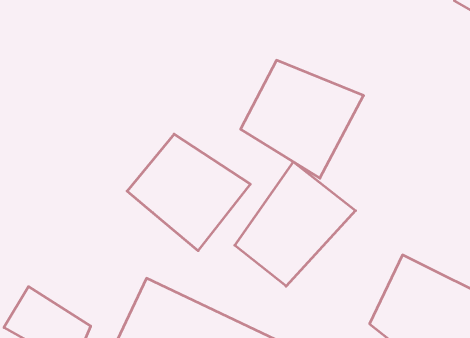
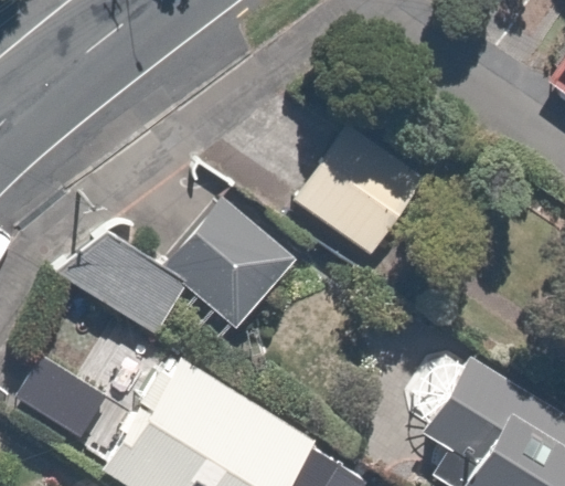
building: [235,162,356,286] -> none
building: none -> [53,231,190,337]

